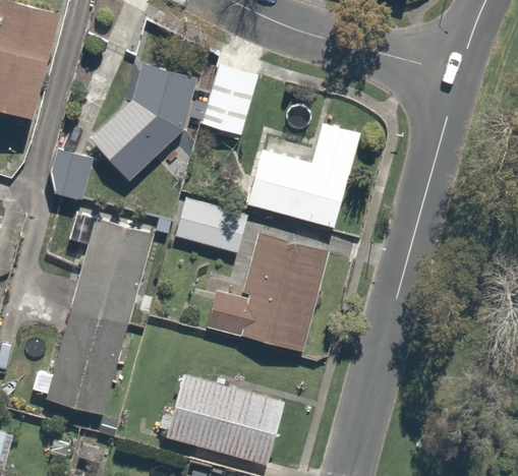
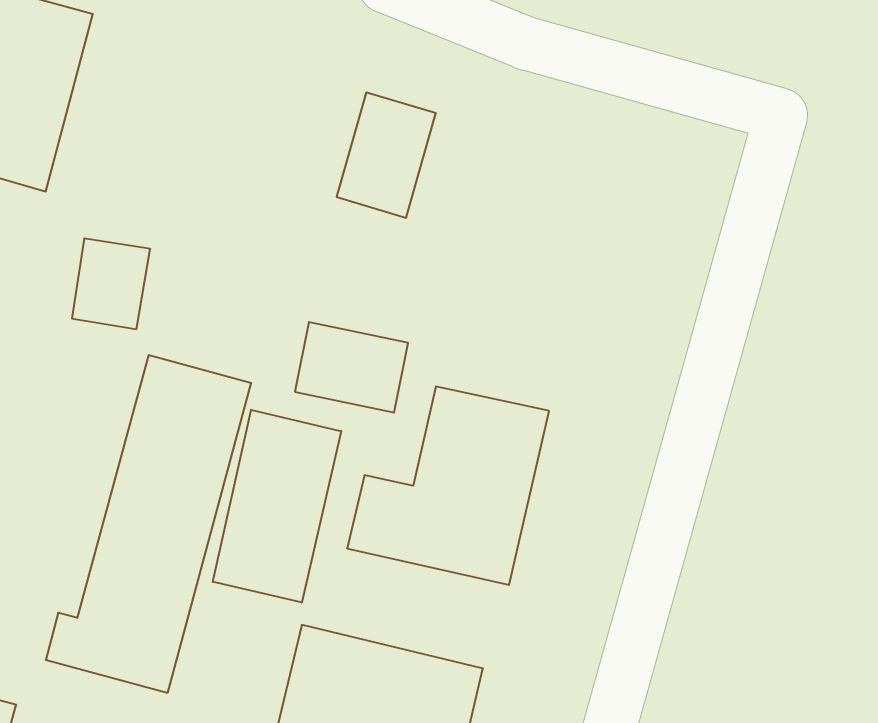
building: [90,61,196,182] -> none
building: [248,122,360,230] -> none
building: none -> [213,410,341,603]

